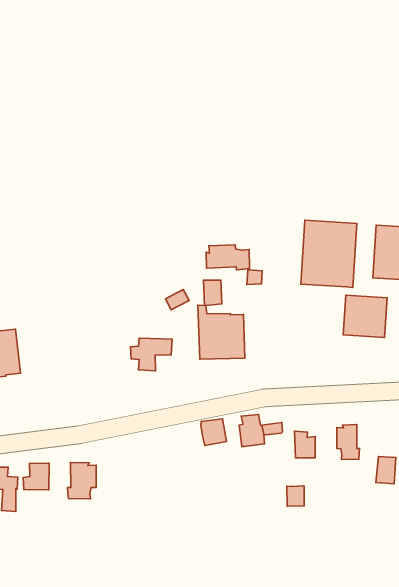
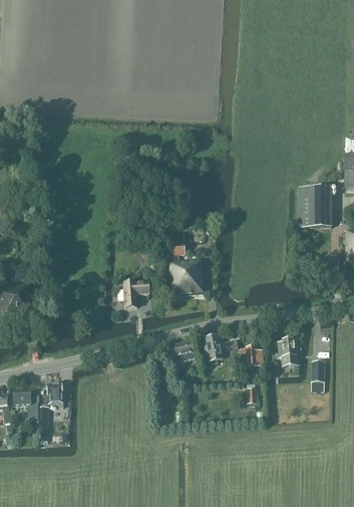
building: [301,220,357,287] -> none
building: [206,245,250,270] -> none
building: [343,295,387,337] -> none
building: [68,462,96,499] -> none

